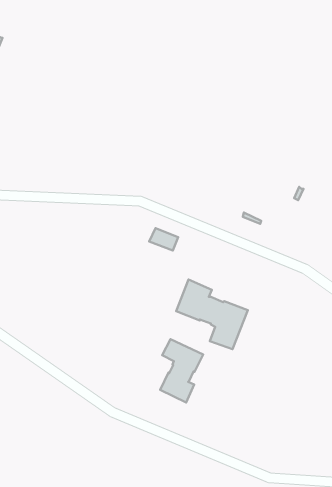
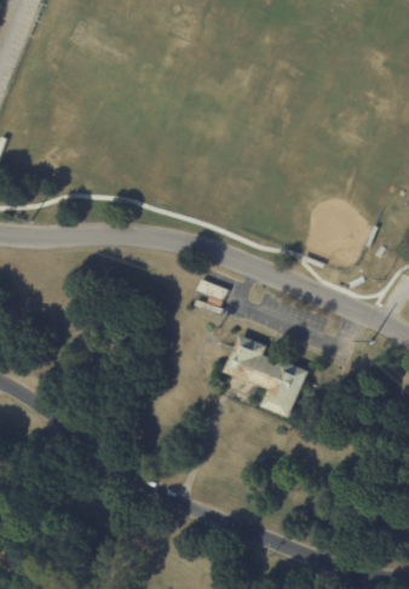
building: [160,339,203,403] -> none

